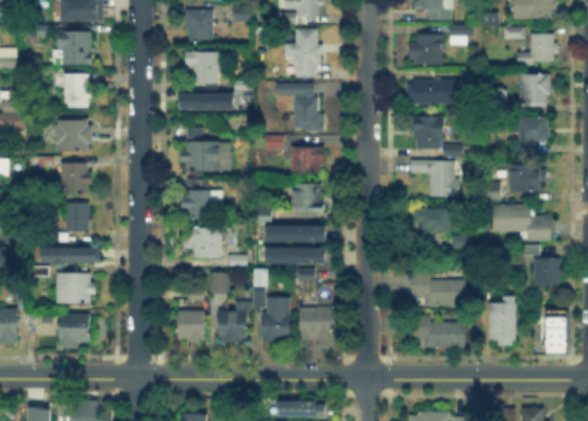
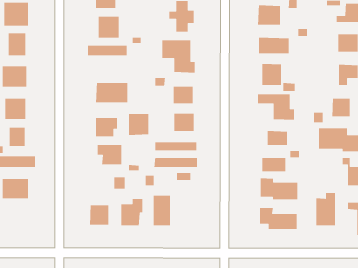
building: none -> [128,113,149,136]
building: [299,308,331,339] -> none
building: [60,315,88,343] -> none

